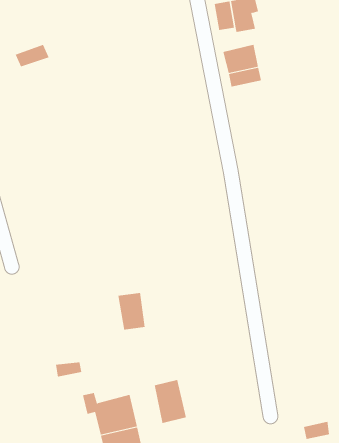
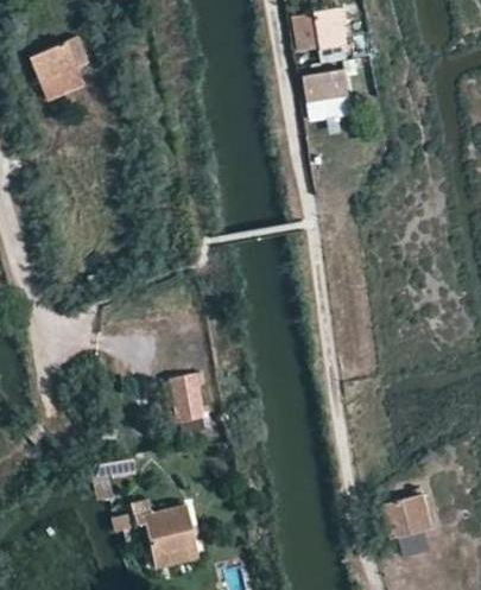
building: none -> [32,34,87,82]
building: [154,379,186,424] -> none
building: none -> [381,495,437,543]

